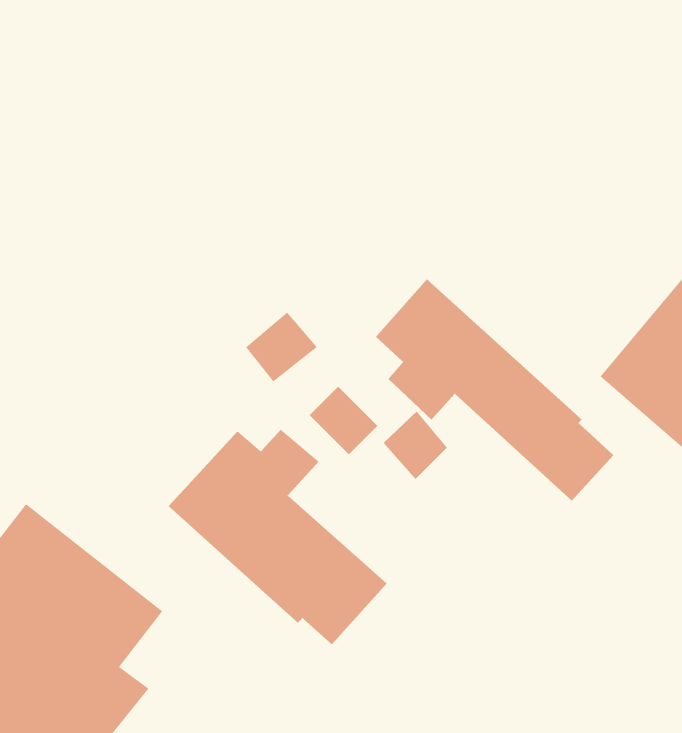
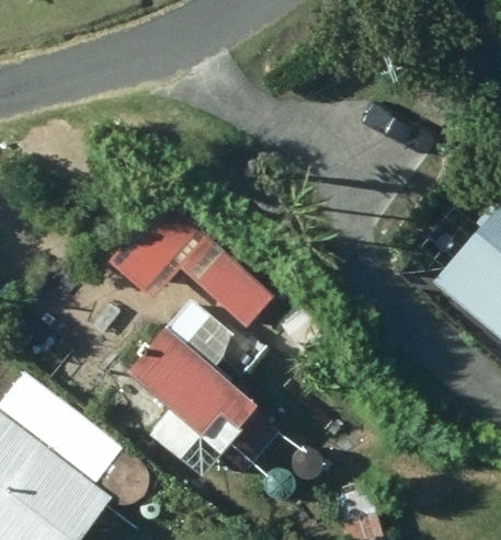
building: [375,279,614,502] -> none

